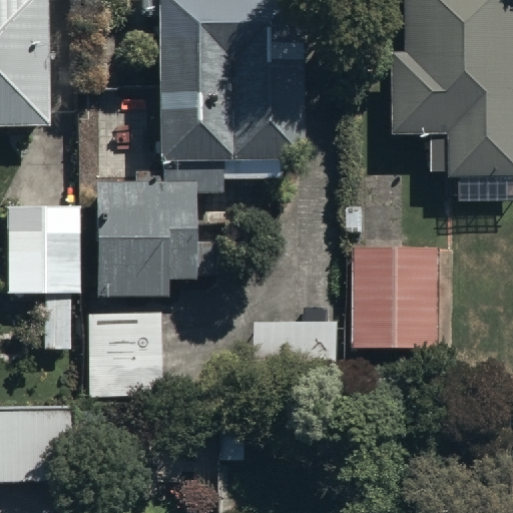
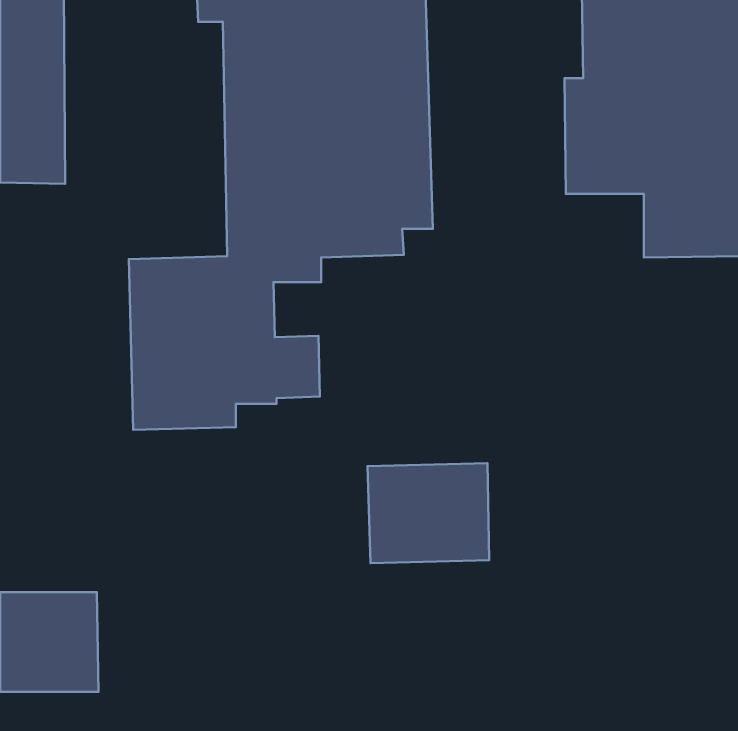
building: [5,206,81,345] -> none
building: [353,247,440,347] -> none
building: [84,314,158,390] -> none

